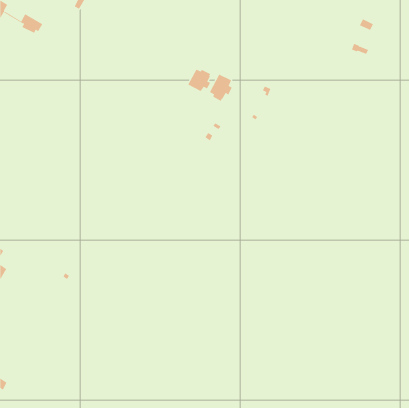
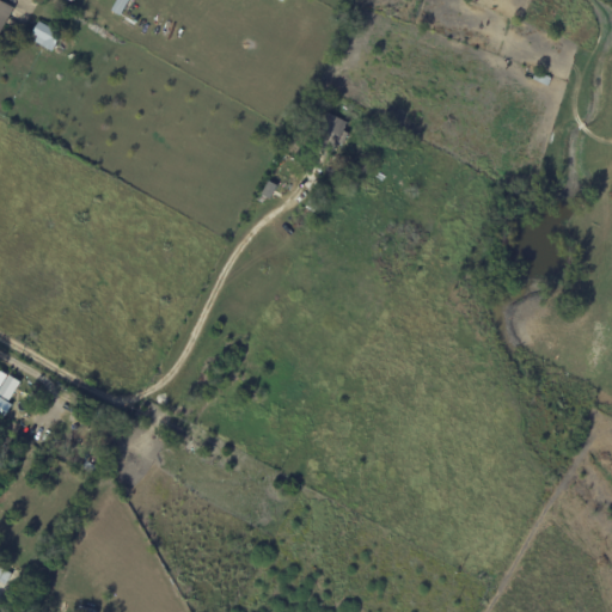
building: [188,69,211,92] -> none

